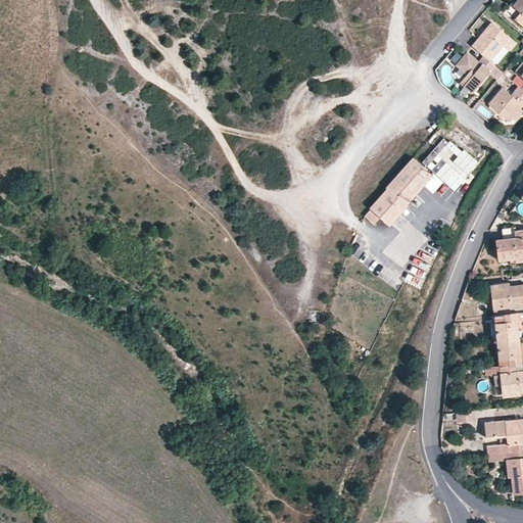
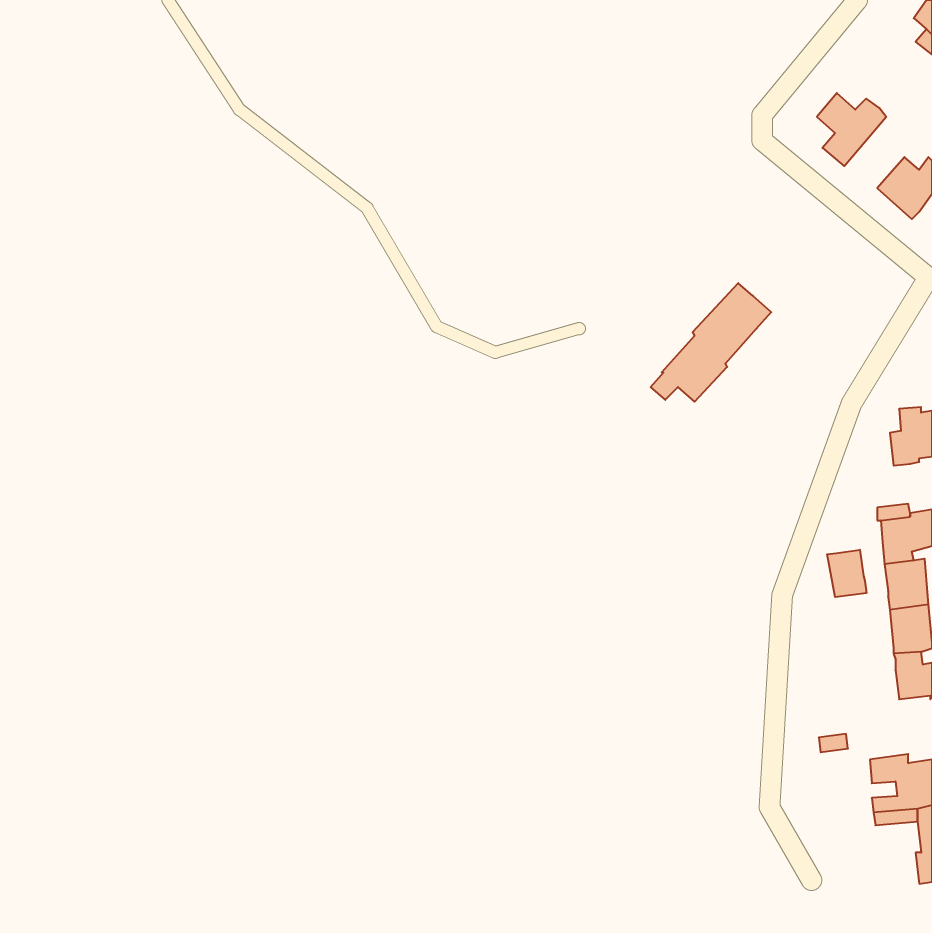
building: [473,21,511,60] -> none
building: [421,140,480,193] -> none
building: none -> [827,550,866,597]

